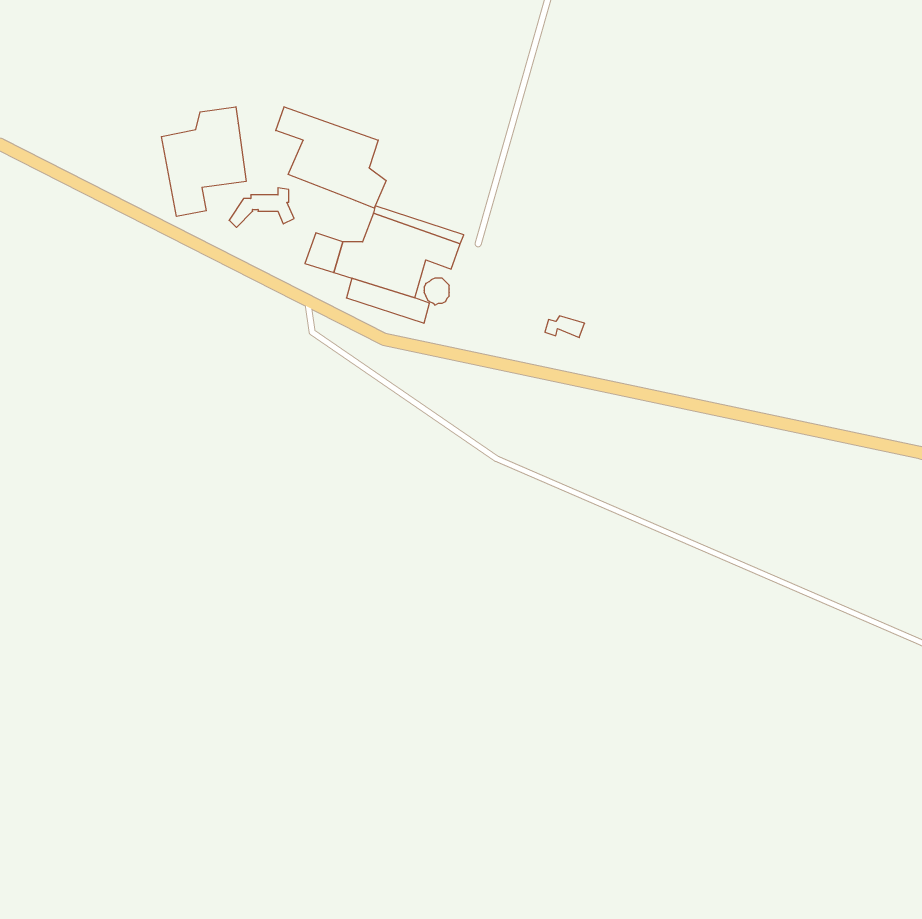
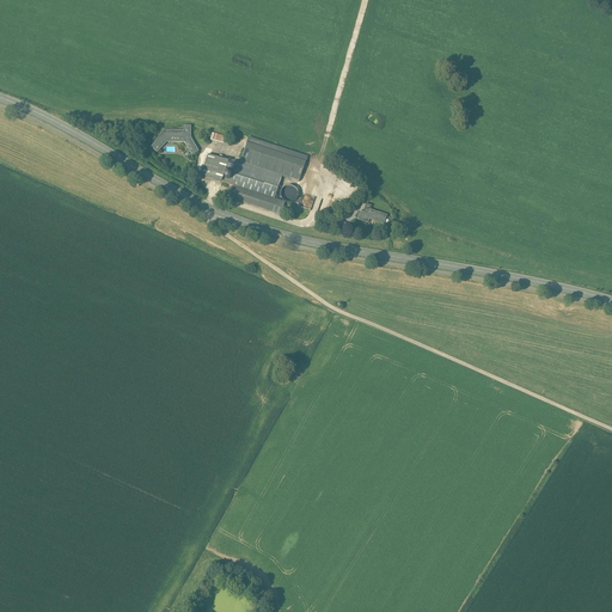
building: [276,107,386,208] -> none
building: [161,107,246,216] -> none

